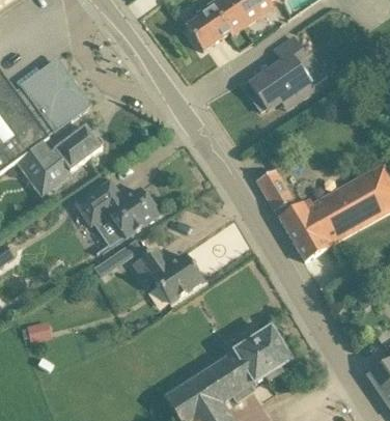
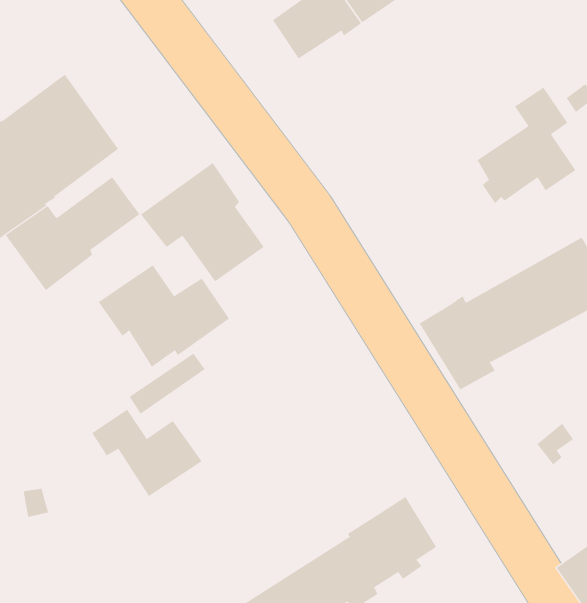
building: [250,36,313,111] -> [477,87,576,204]
building: none -> [140,162,264,282]
building: [256,168,298,218] -> none
building: [133,247,203,303] -> [92,409,202,497]

